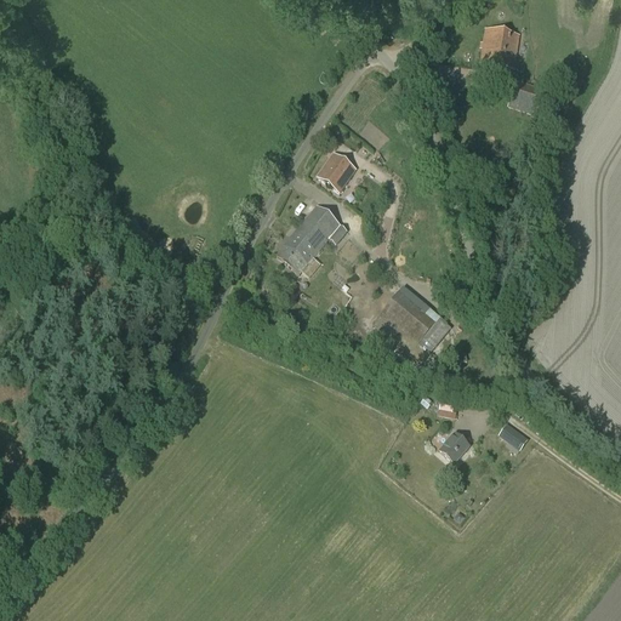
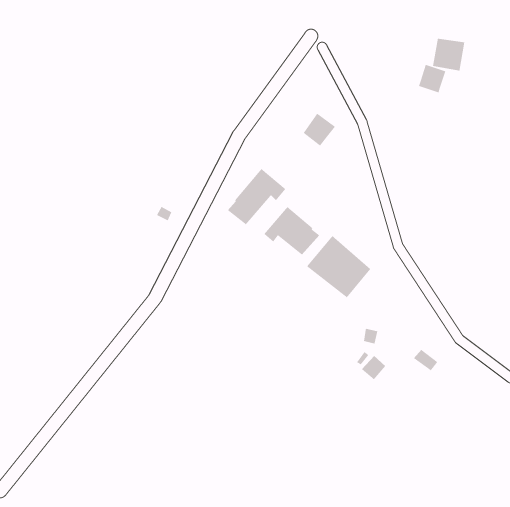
building: [480,27,520,67] -> [432,38,465,71]
building: [318,150,358,192] -> [303,113,336,147]
building: none -> [264,206,320,256]

